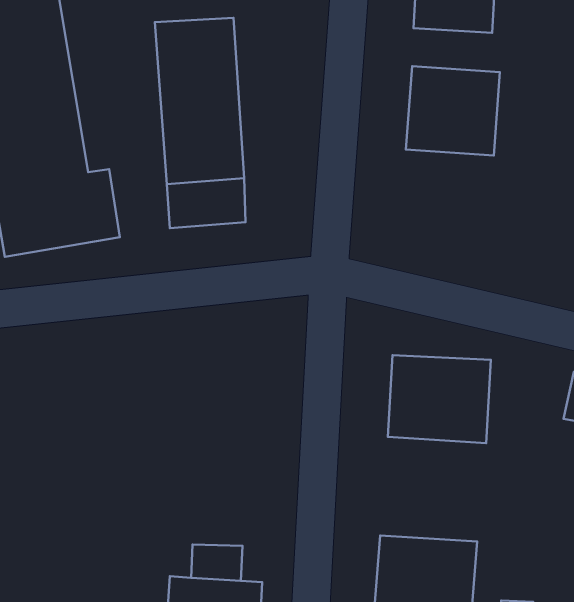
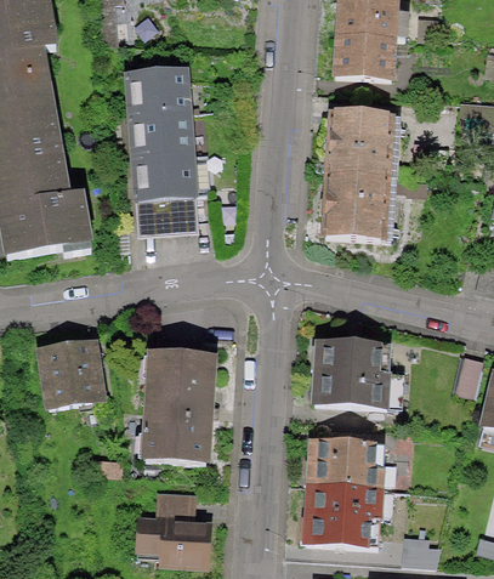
building: none -> [323,174,397,243]
building: none -> [34,337,108,409]
building: none -> [140,351,217,465]
building: none -> [306,438,386,488]

